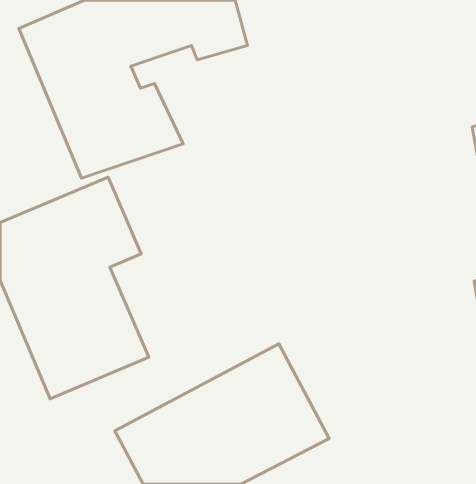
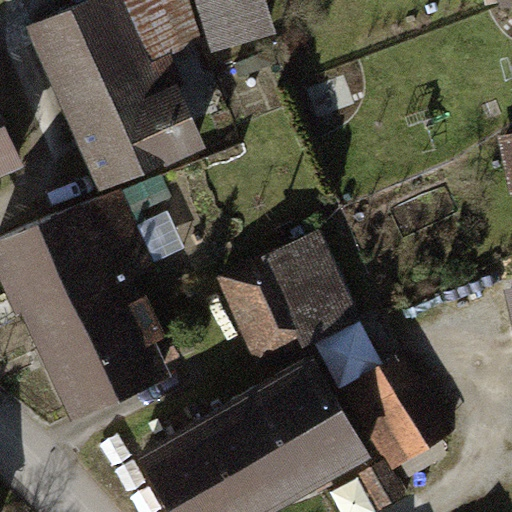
building: none -> [224,230,359,363]
building: none -> [344,349,459,471]

